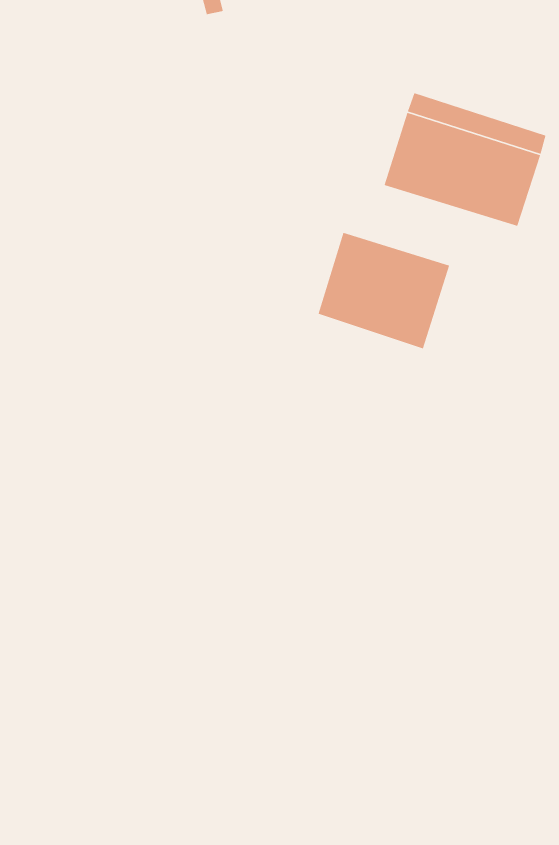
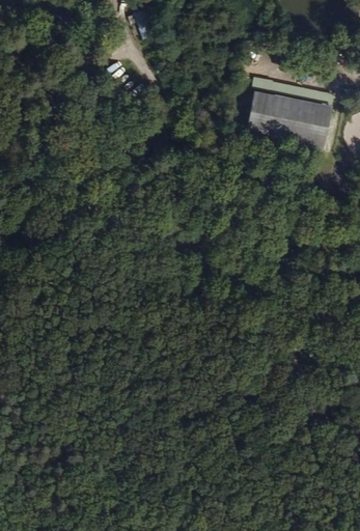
building: [317,232,450,349] -> none

